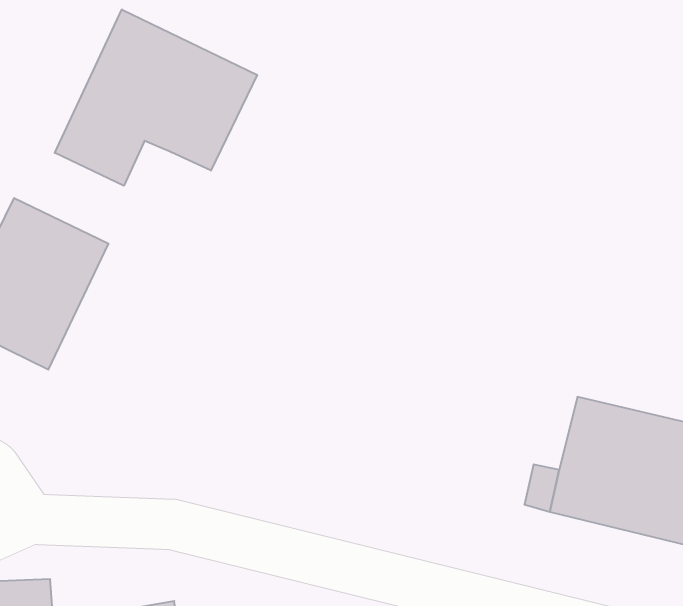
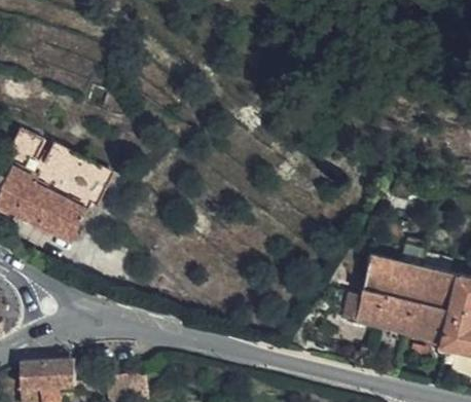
building: [55,9,257,186] -> none

